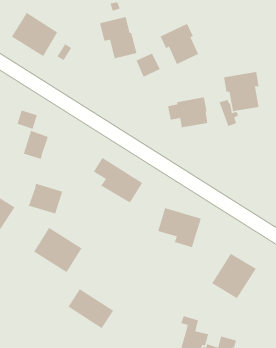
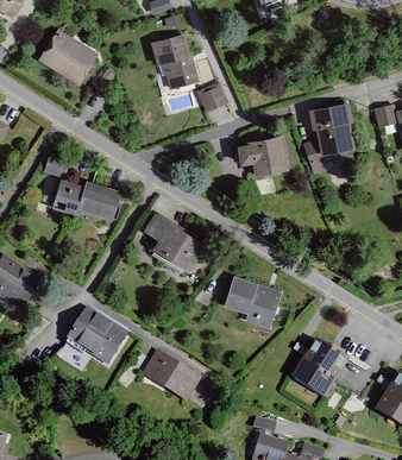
building: [159,23,199,65] -> none
building: [28,183,63,214] -> [77,182,123,222]
building: [67,288,114,329] -> [142,347,201,399]

